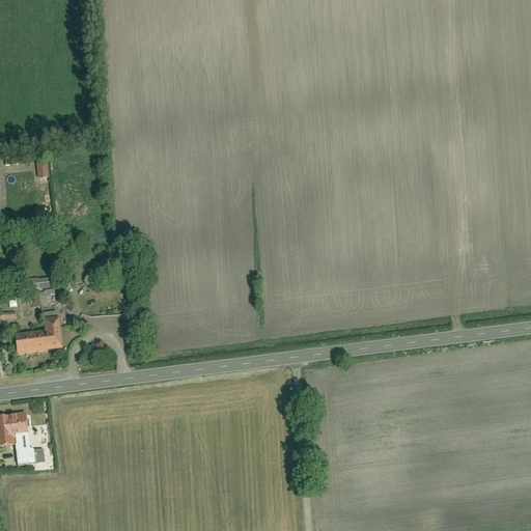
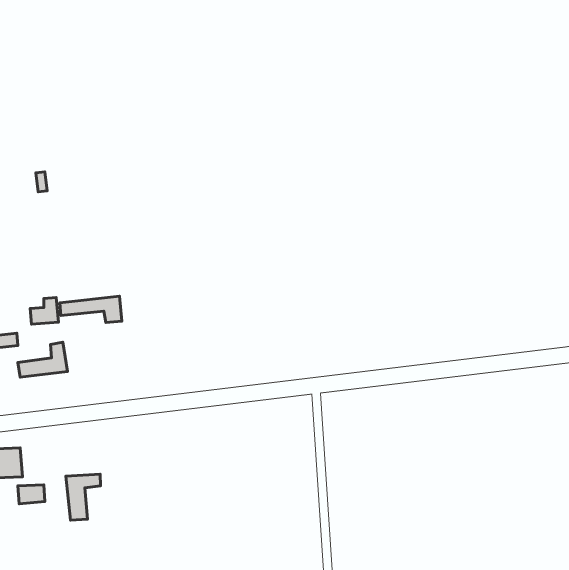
building: none -> [60,296,122,322]
building: none -> [66,474,100,520]

